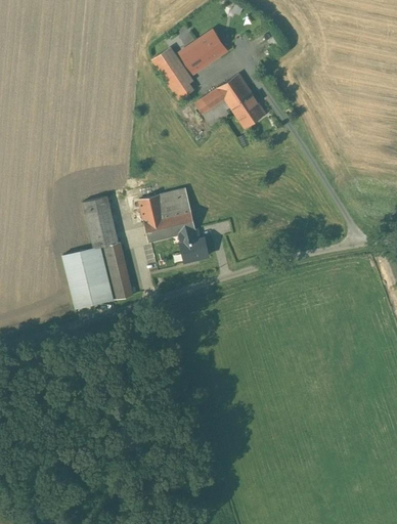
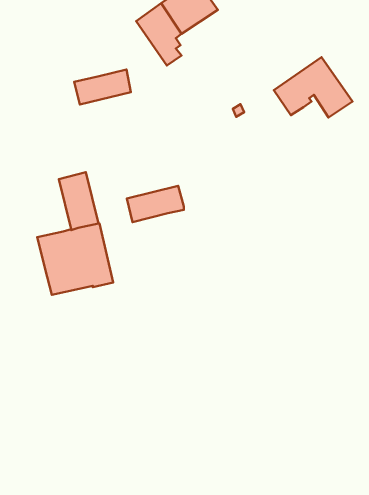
building: [194,75,265,129] -> [274,57,352,117]
building: [138,189,189,221] -> [74,69,131,105]
building: [180,230,208,262] -> none

